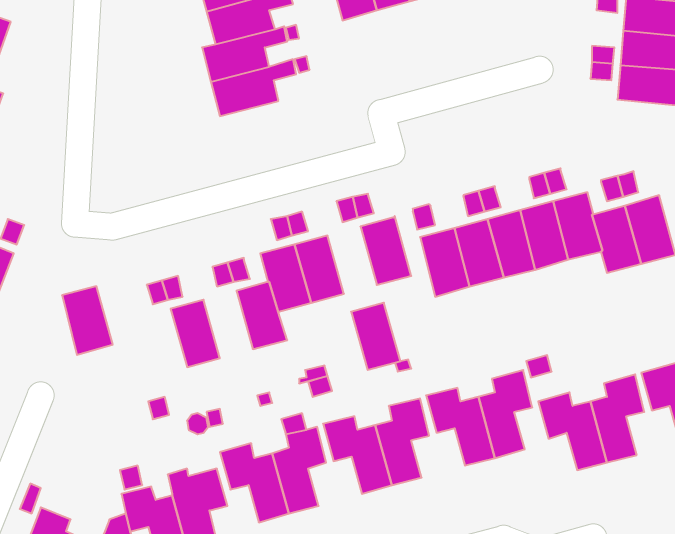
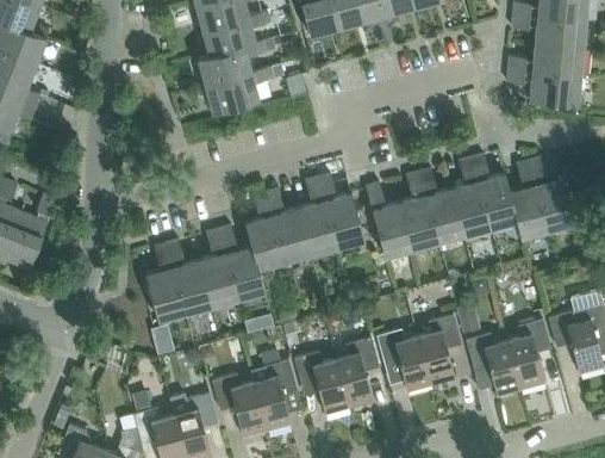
building: [62,286,113,355] -> [145,267,186,322]
building: none -> [199,253,238,307]
building: [351,303,400,370] -> [298,202,337,255]

